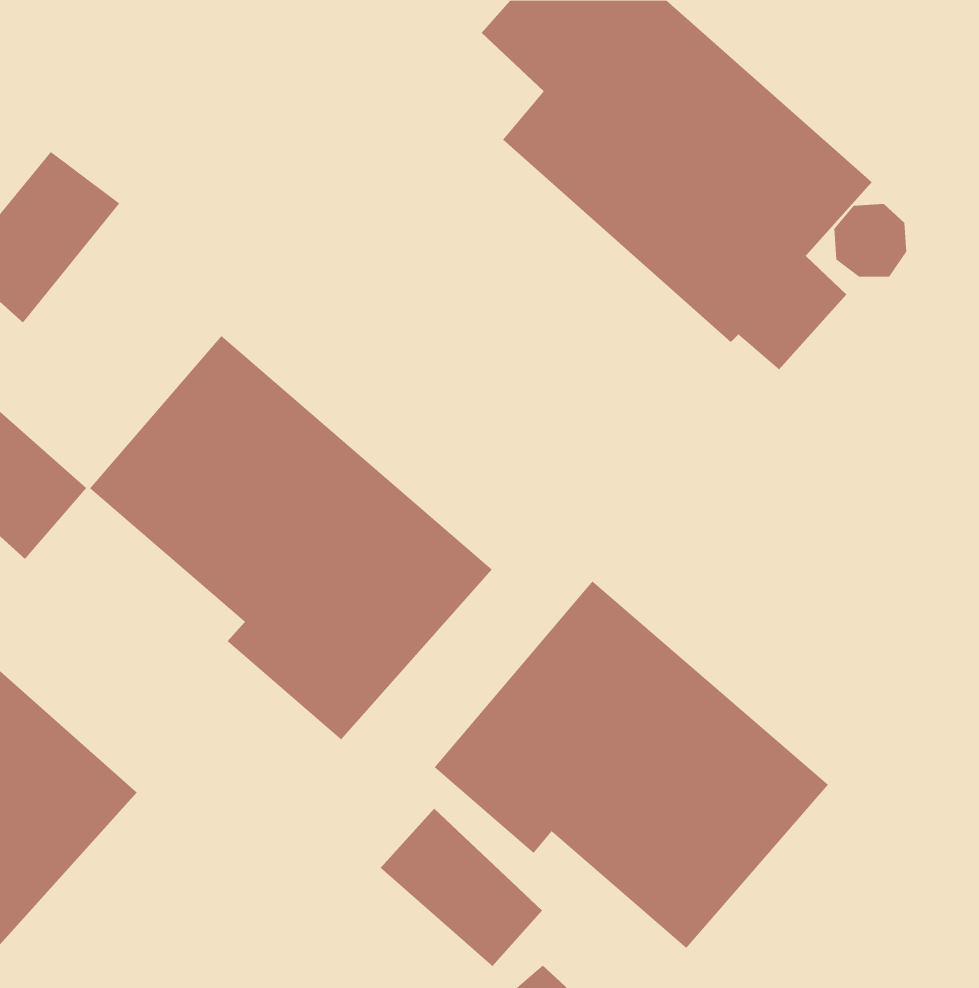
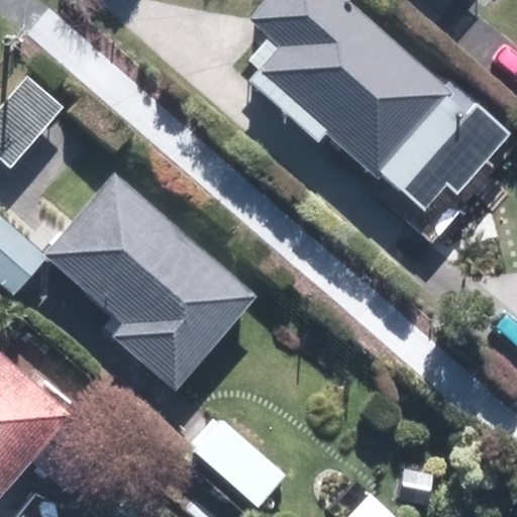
building: [434,580,829,949] -> none

